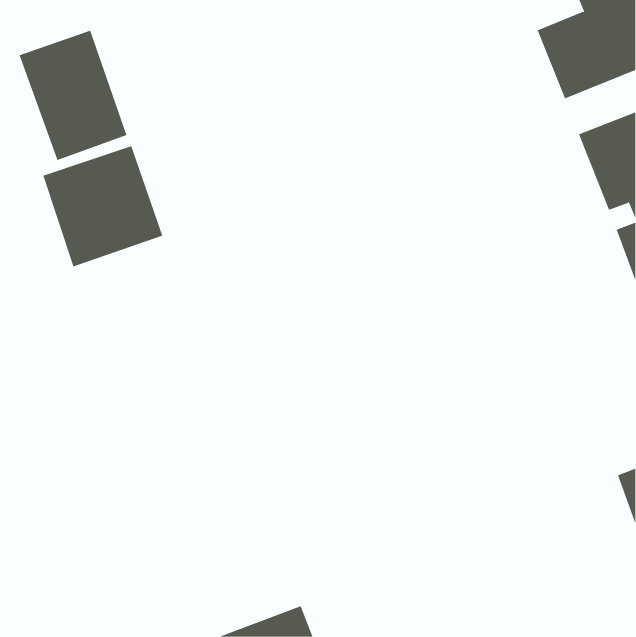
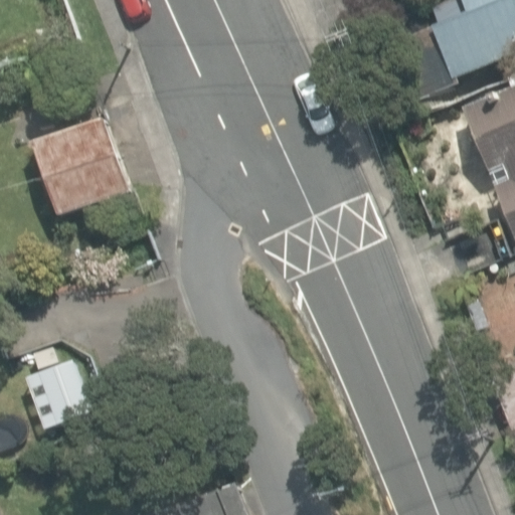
building: [19,30,127,161] -> none

